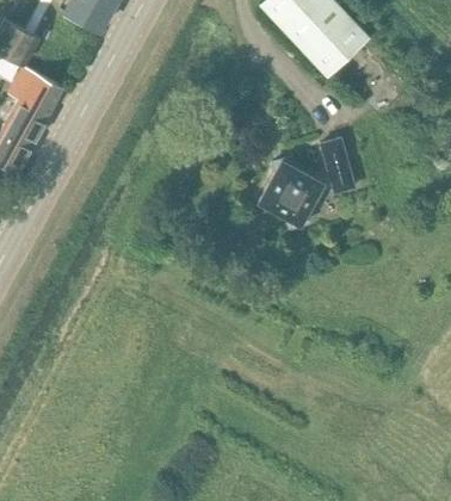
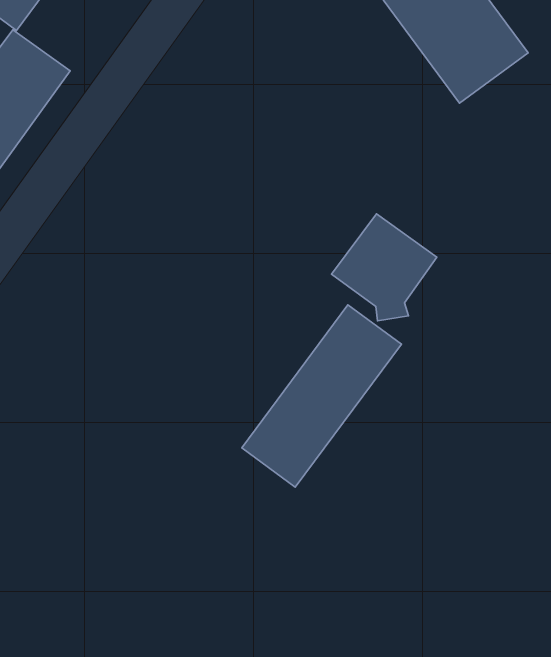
building: [320,138,356,197] -> none
building: none -> [242,305,401,487]

